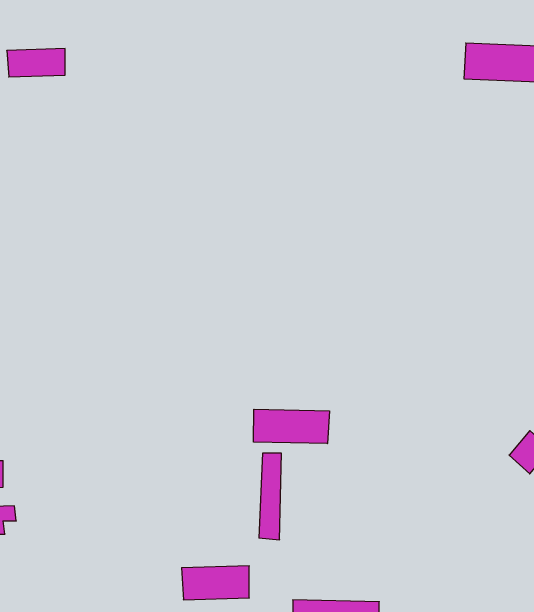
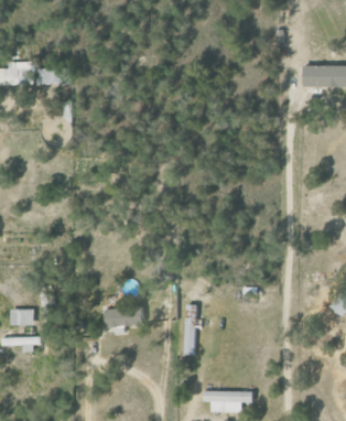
building: [254,409,329,444] -> none
building: [182,566,249,600] -> [104,306,143,326]

